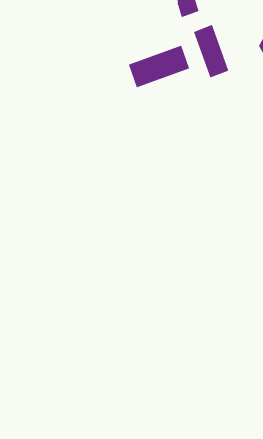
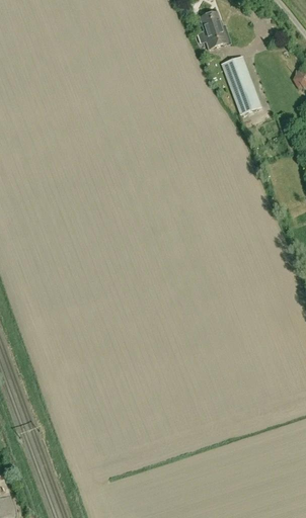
building: [128,45,190,88] -> none

